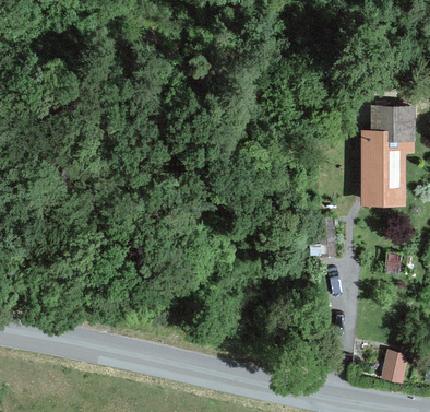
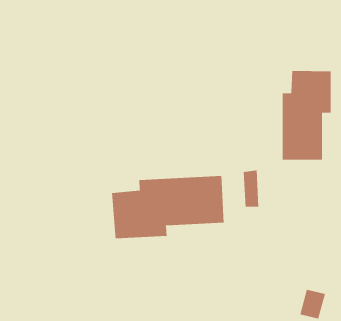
building: none -> [112,175,224,239]

